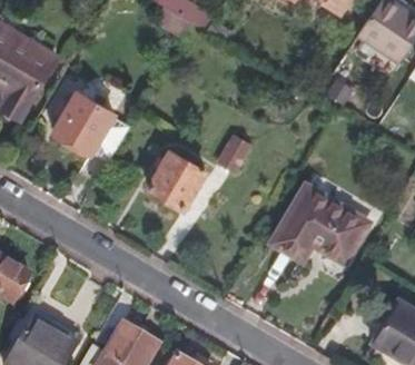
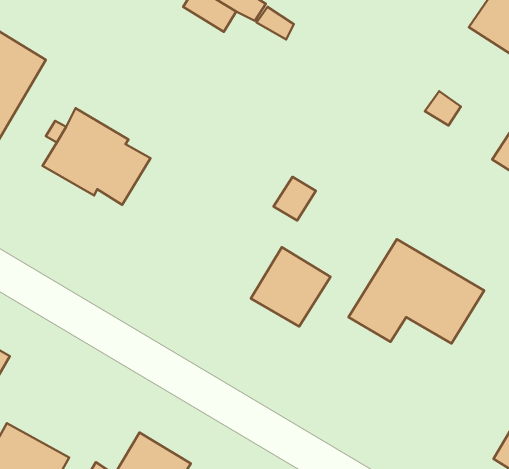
building: [148,151,205,208] -> [251,247,330,327]

